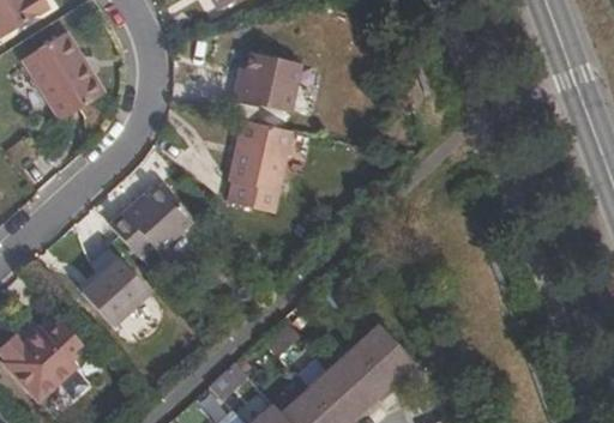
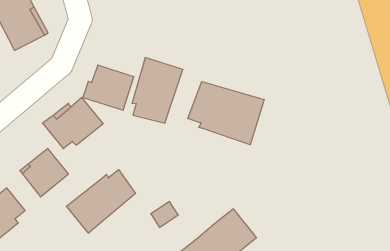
building: [233,52,302,113] -> [83,65,134,110]
building: none -> [188,82,264,145]
building: none -> [66,170,135,233]

